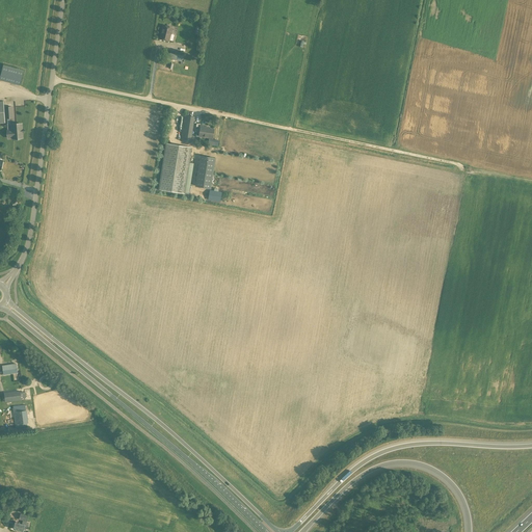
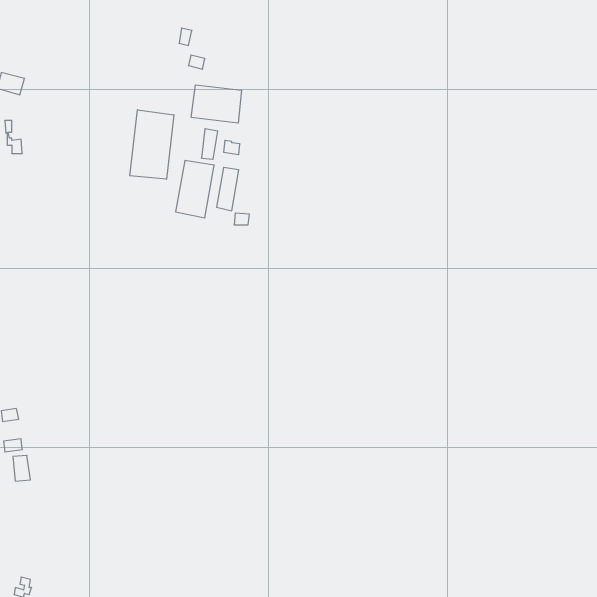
building: none -> [191,85,241,123]
building: none -> [130,110,174,179]

